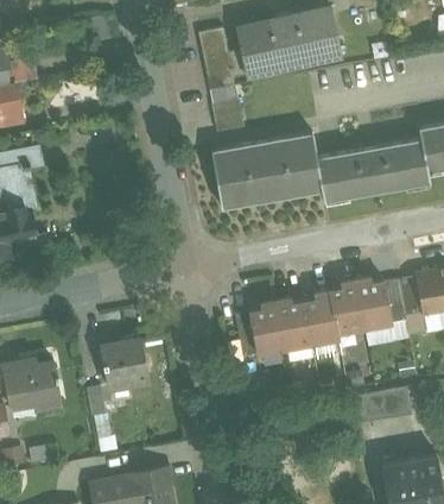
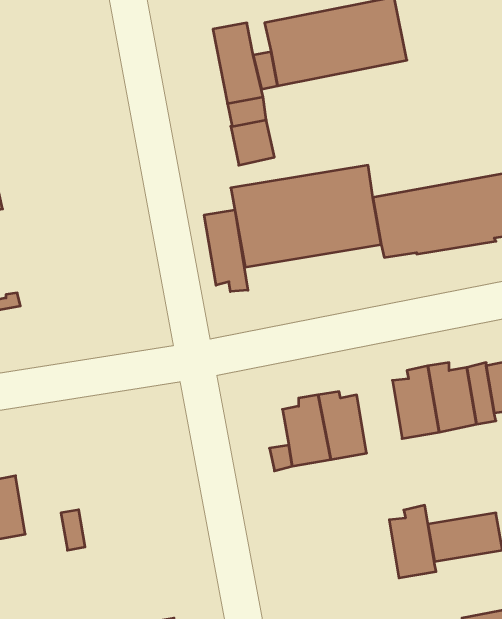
building: none -> [204,210,248,292]
building: [304,291,338,345] -> [389,505,436,578]
building: [100,340,147,385] -> none

